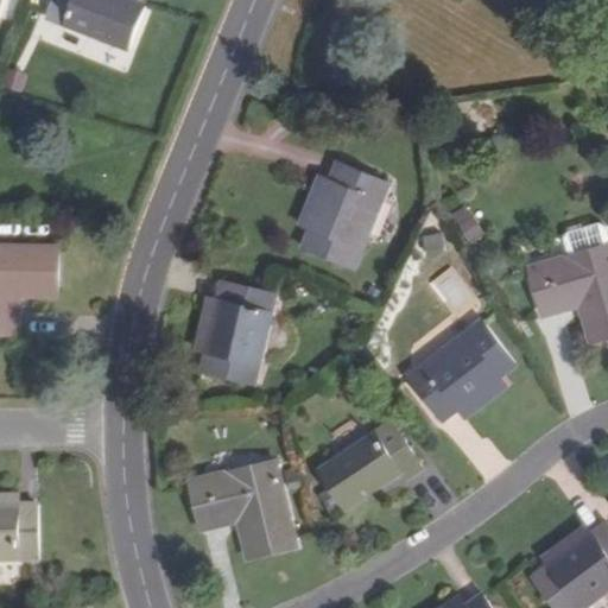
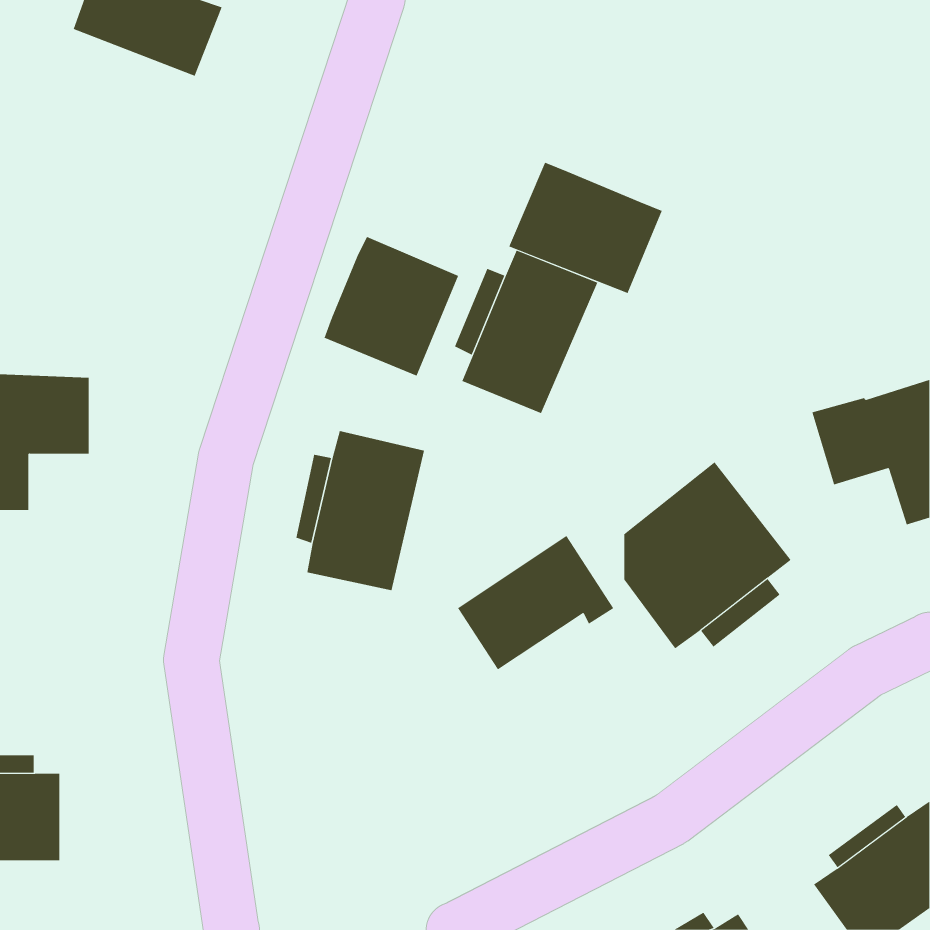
building: none -> [509,162,663,294]
building: none -> [324,236,459,377]
building: [318,423,420,511] -> [457,535,614,670]
building: [189,463,296,558] -> none

